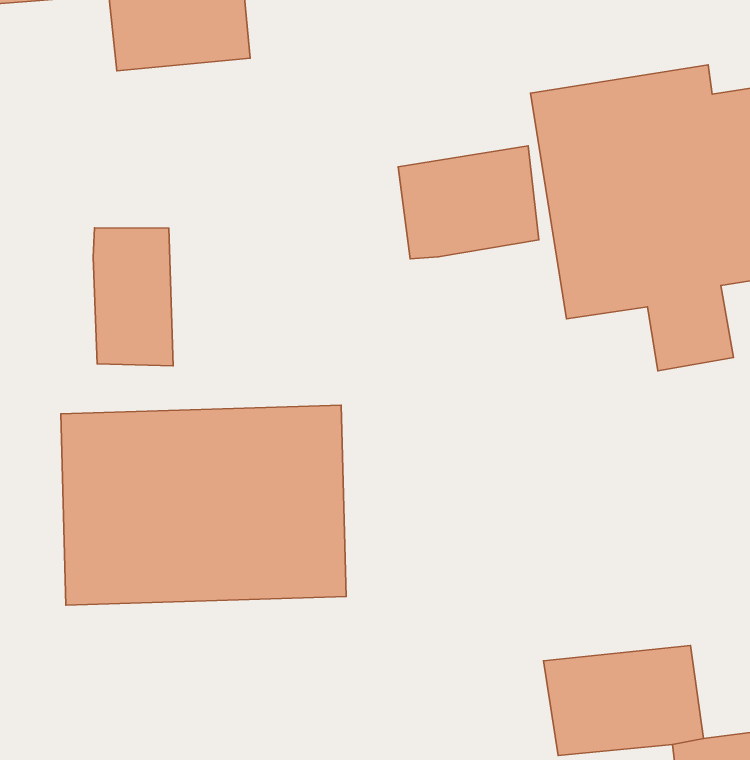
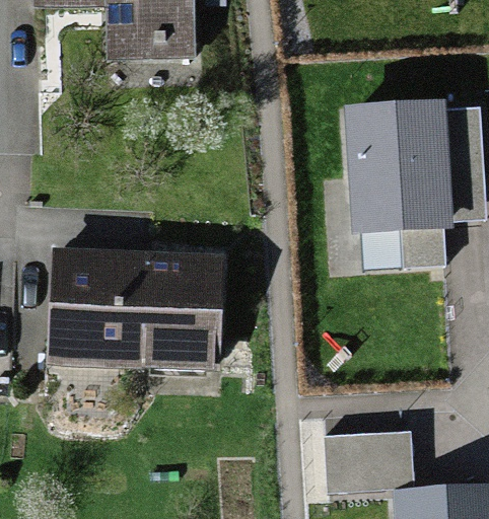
building: [398,146,539,259] -> none
building: [93,228,173,366] -> none

